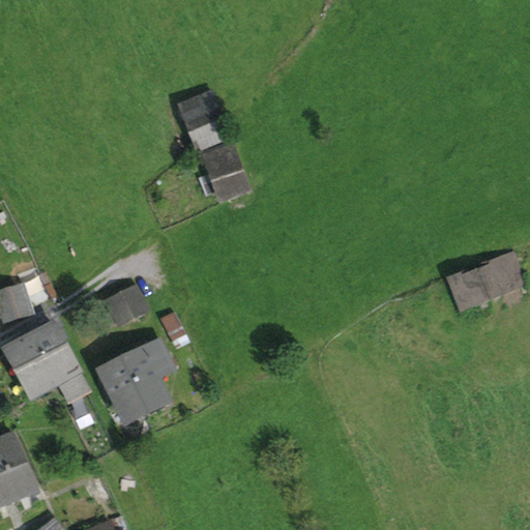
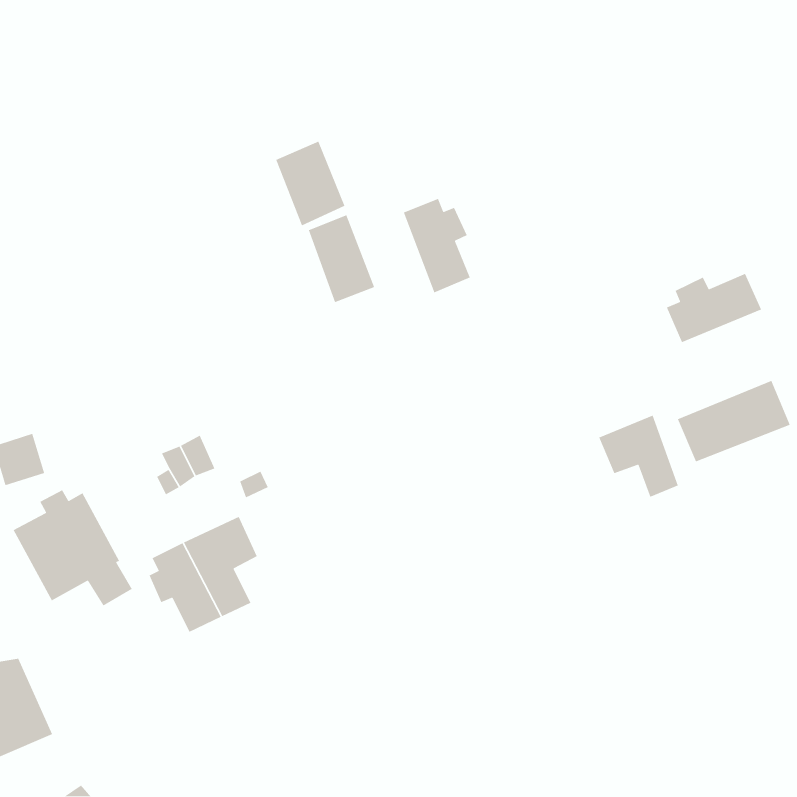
building: none -> [403,198,471,293]
building: none -> [666,273,762,343]
building: none -> [598,415,679,498]

